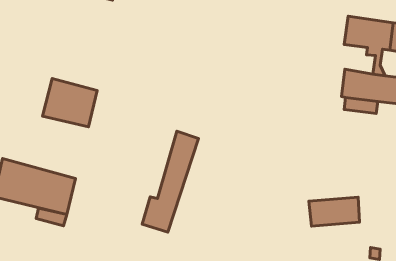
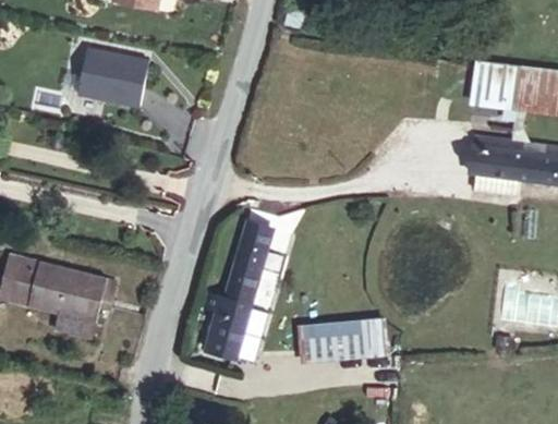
building: [43,79,97,127] -> [74,43,148,108]
building: [309,197,360,226] -> [300,323,368,362]

